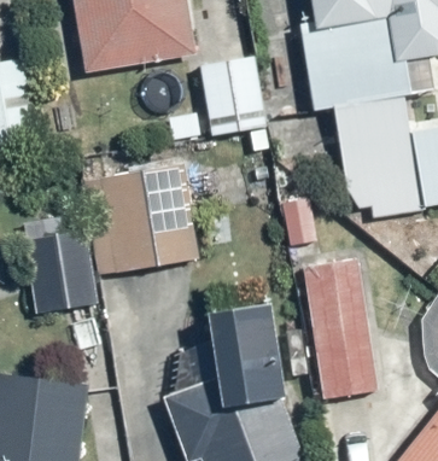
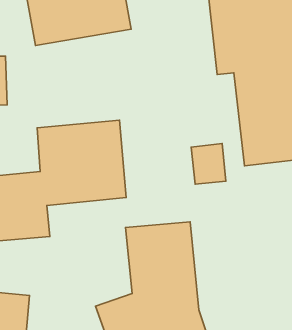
building: [173,56,267,136] -> none
building: [291,265,375,398] -> none

